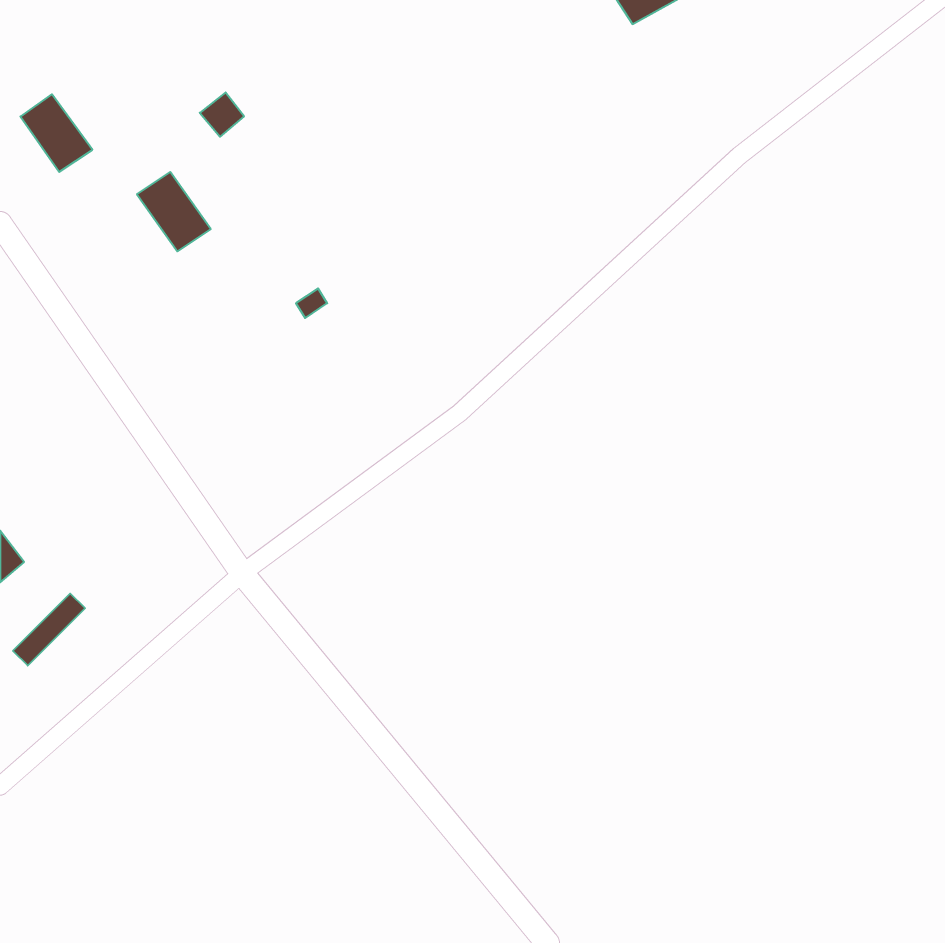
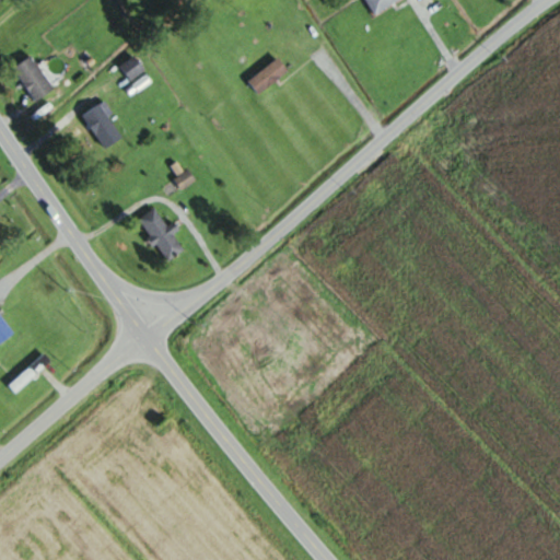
building: none -> [247,58,289,95]
building: none -> [139,208,185,261]

